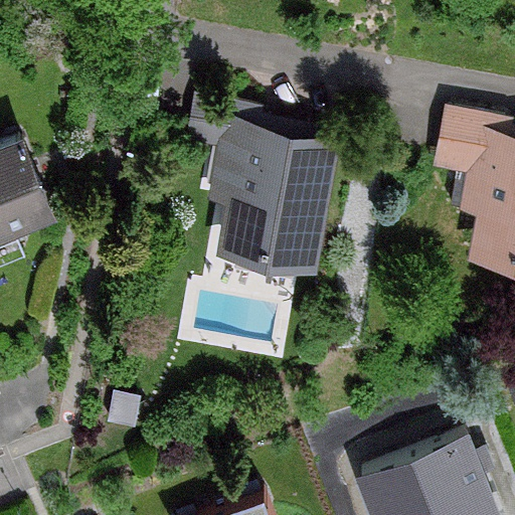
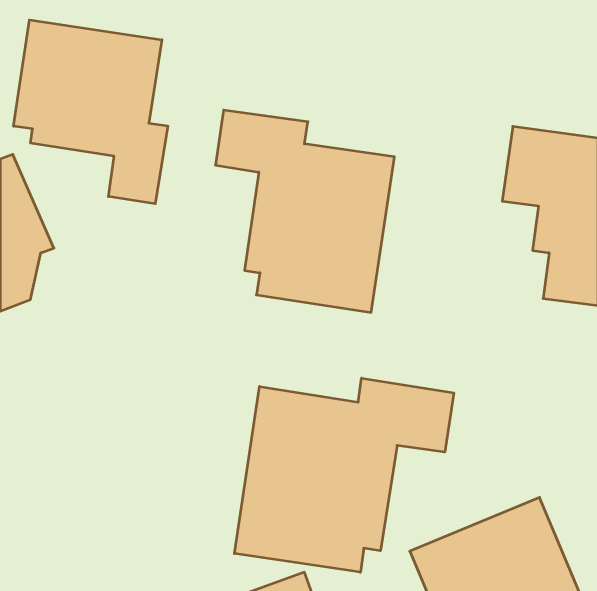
building: none -> [14,20,168,204]
building: none -> [234,378,454,572]

